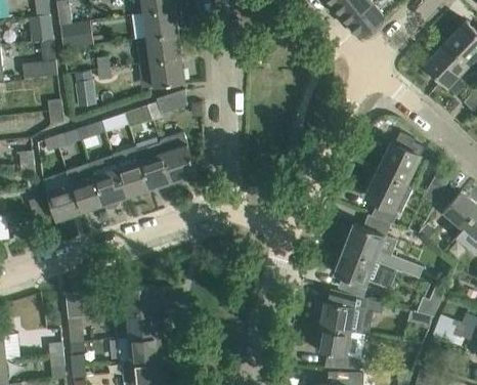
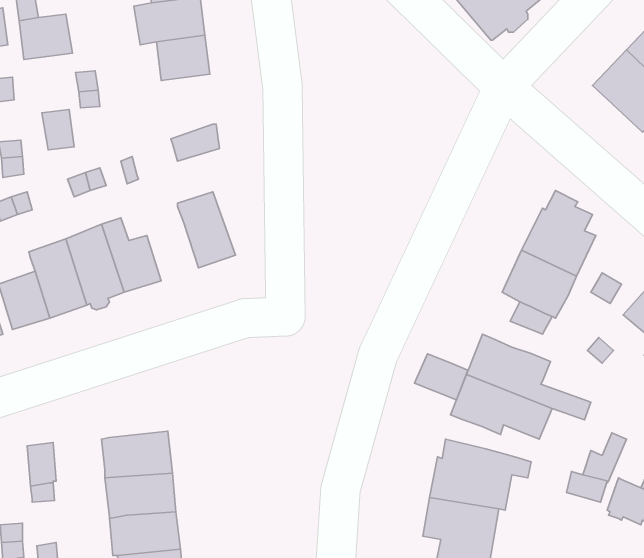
building: [149,58,183,87] -> none
building: [136,142,173,189] -> none
building: none -> [415,354,468,400]

